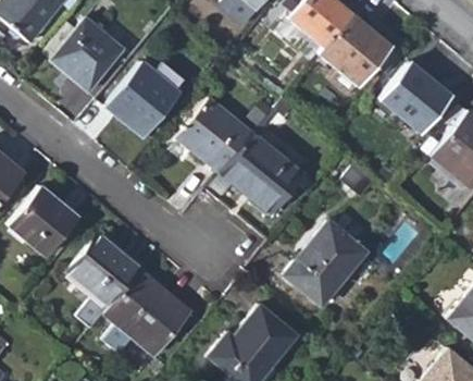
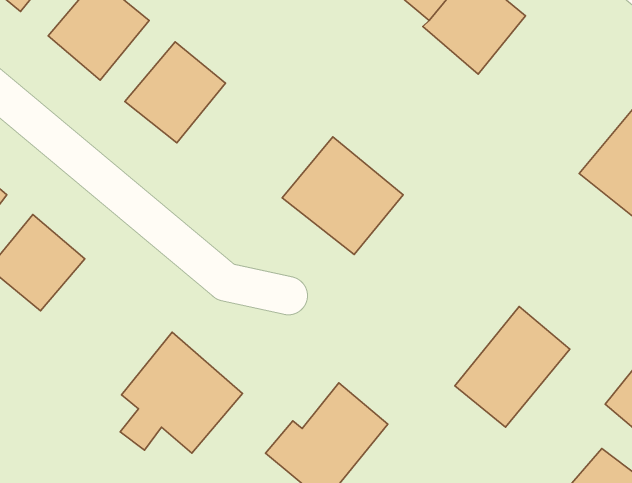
building: [378,61,451,132] -> none
building: [175,97,254,174] -> none
building: [283,220,364,306] -> [455,307,570,427]
building: [71,235,140,327] -> none

